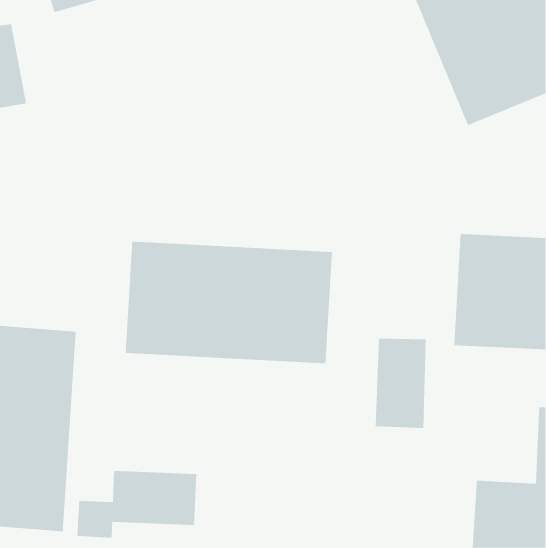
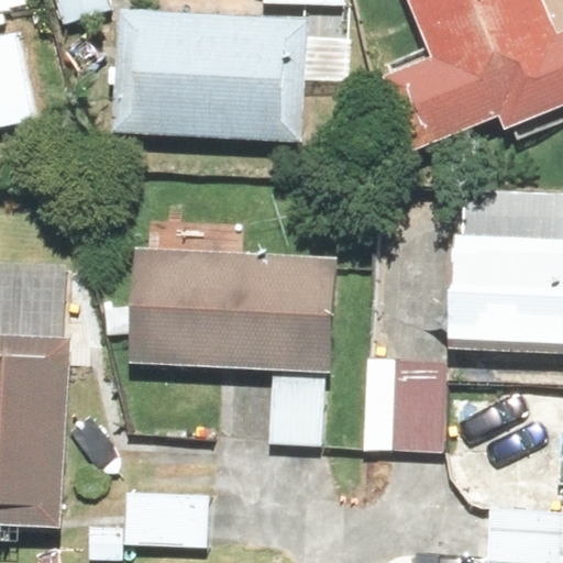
building: none -> [97,20,308,145]

